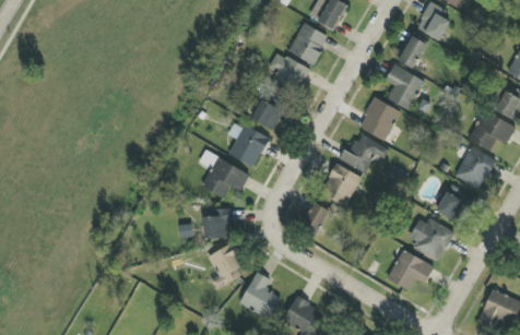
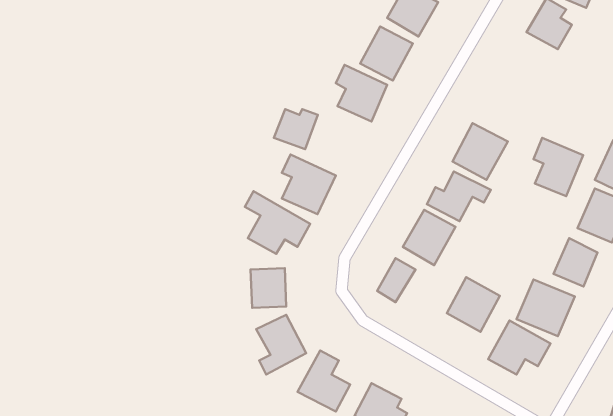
building: [398,35,427,69] -> none
building: [386,65,424,110] -> [533,138,583,196]
building: [251,99,285,130] -> [274,109,318,149]
building: none -> [447,277,500,332]

